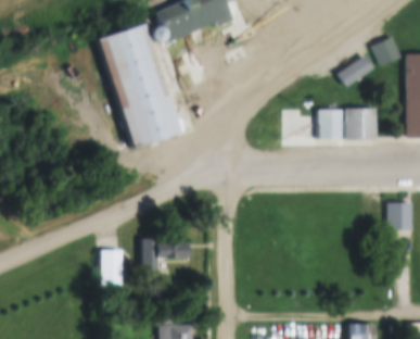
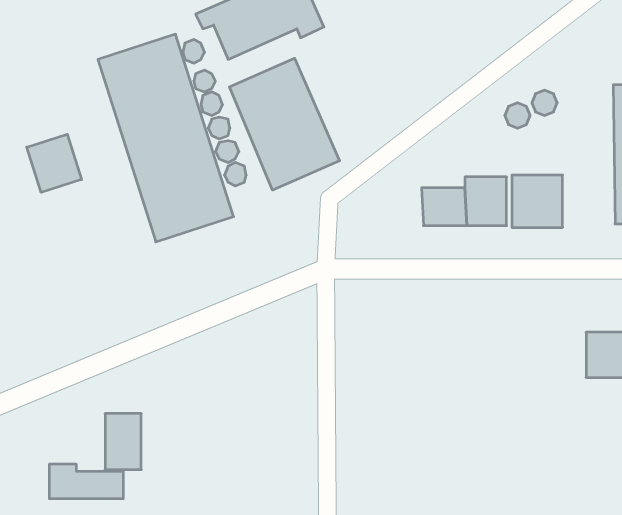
building: [372,36,402,65] -> none
building: none -> [229,58,340,190]
building: none -> [27,134,82,192]
building: [142,239,187,260] -> [49,464,123,499]

